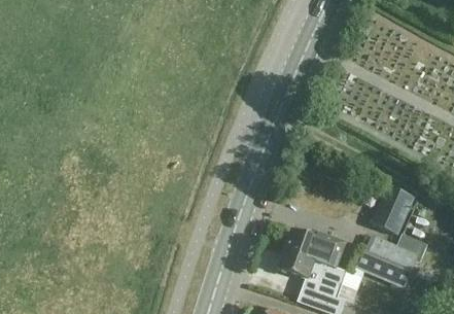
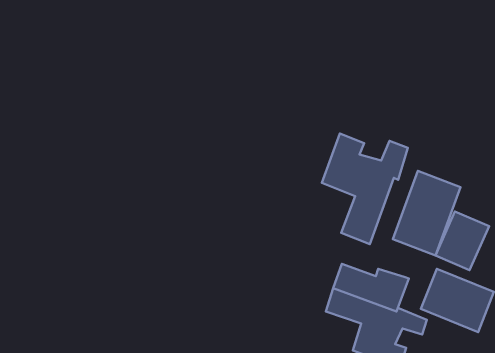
building: none -> [322,133,408,244]
building: none -> [393,171,460,255]

